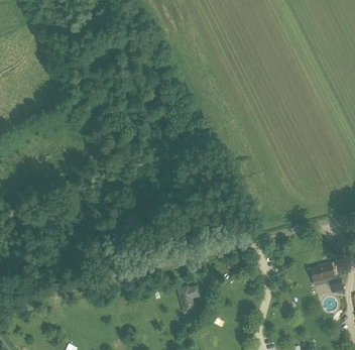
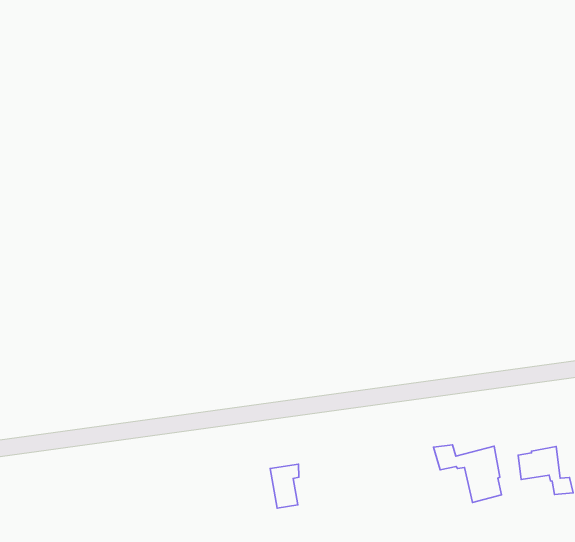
building: none -> [434,445,501,503]

